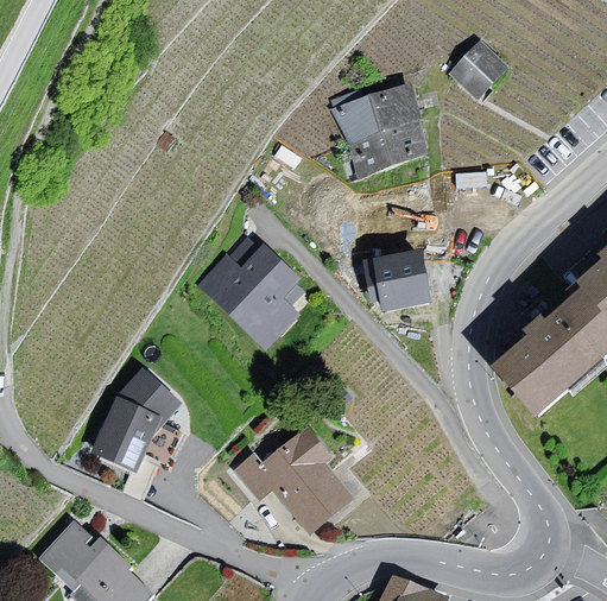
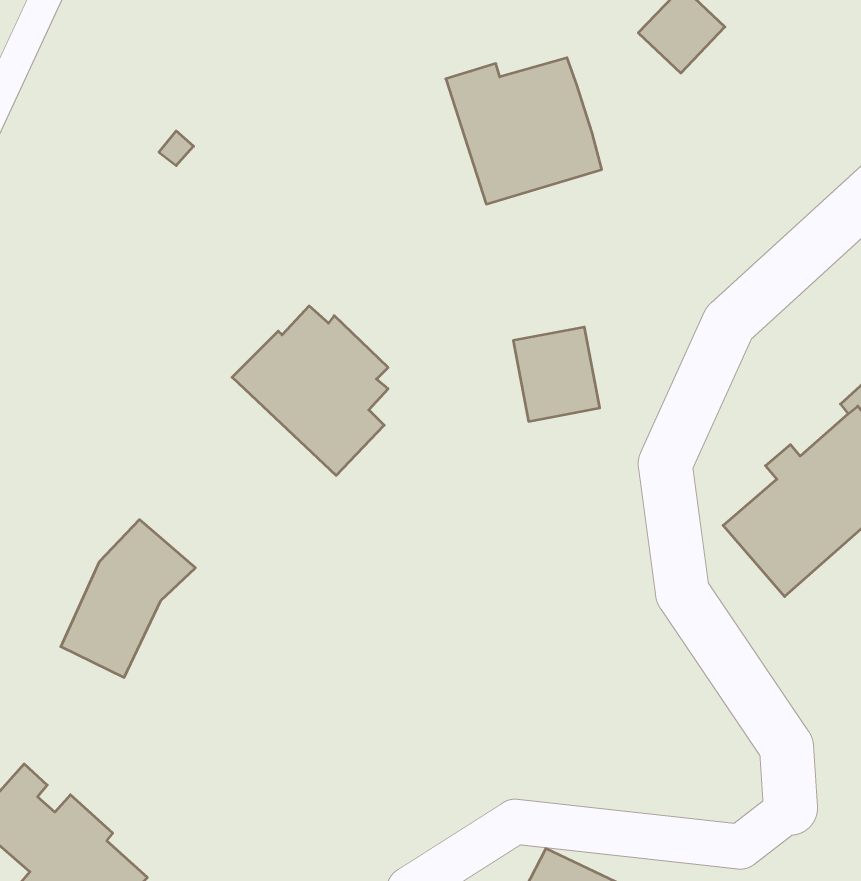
building: [235,428,349,529] -> none

